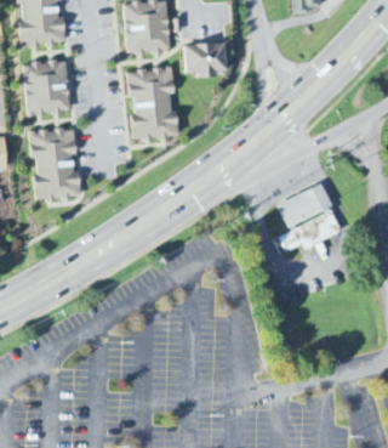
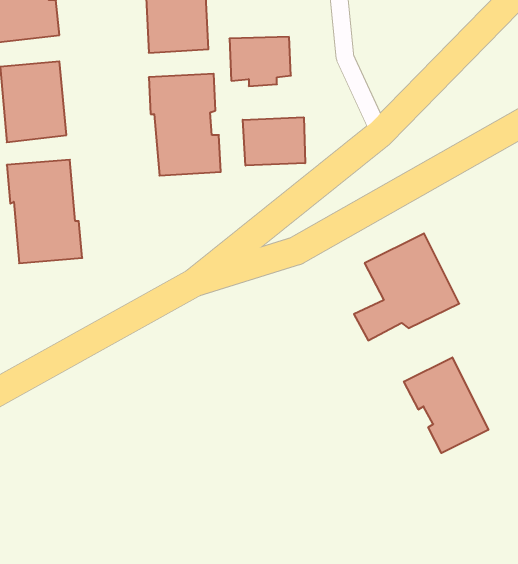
building: none -> [243,117,305,166]
building: none -> [404,357,488,453]

